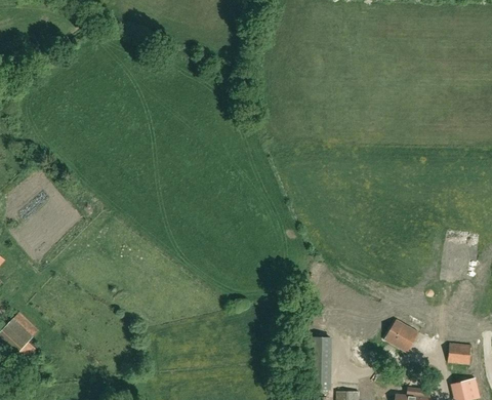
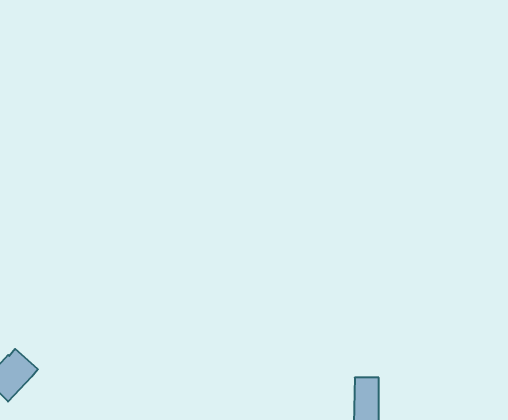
building: [385,319,420,353] -> none

